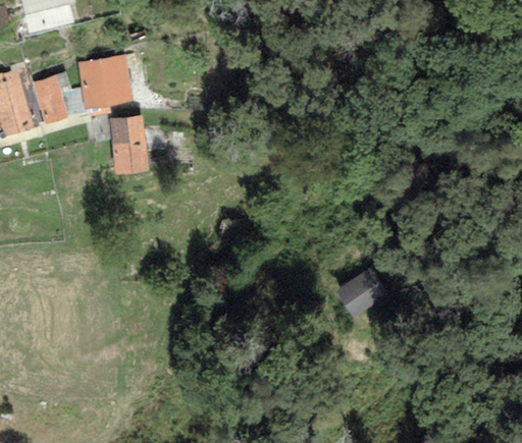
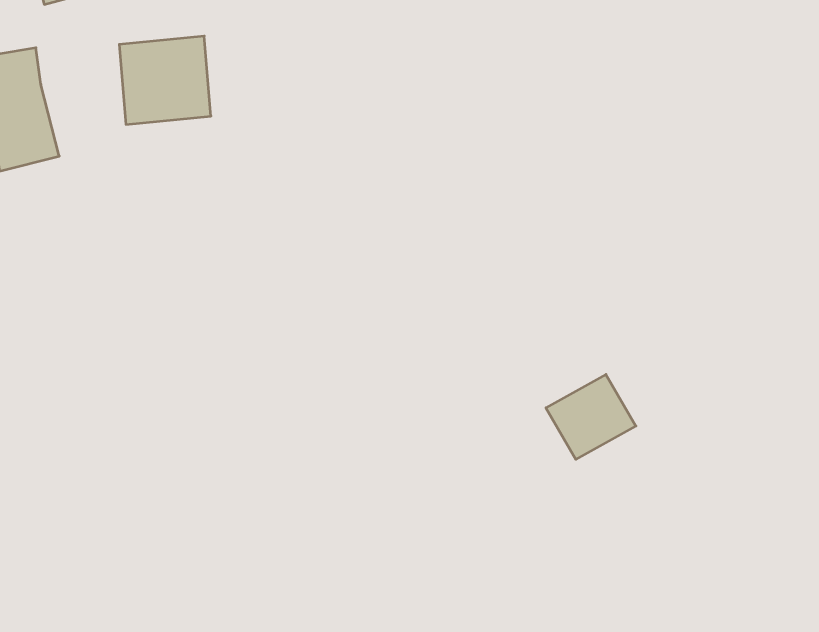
building: [28,76,69,128] -> none
building: [107,116,149,178] -> none

